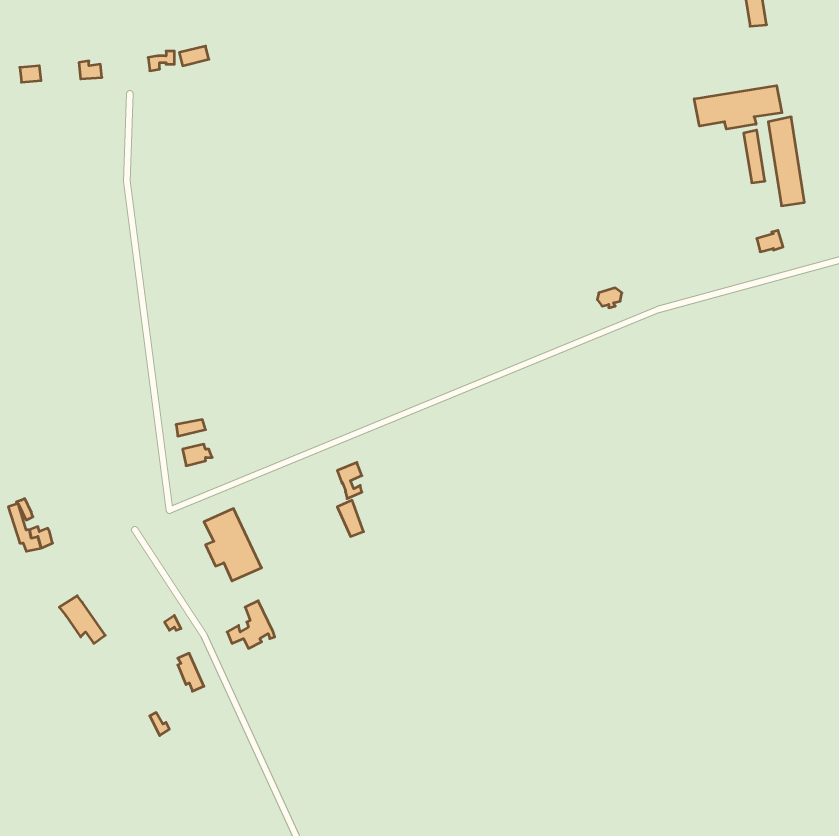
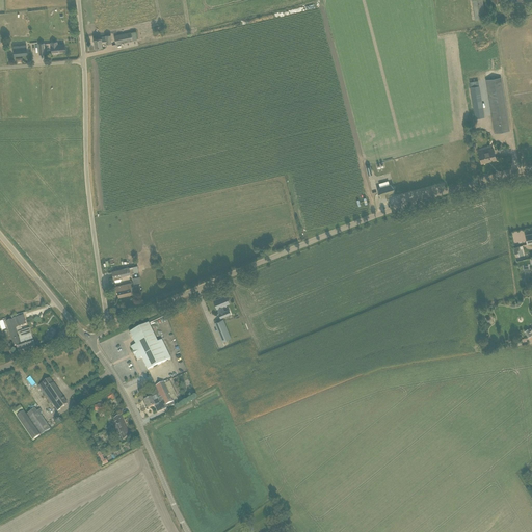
building: [694,86,782,129] -> none
building: none -> [11,403,49,437]

